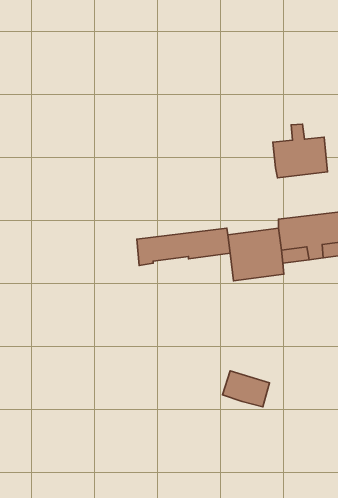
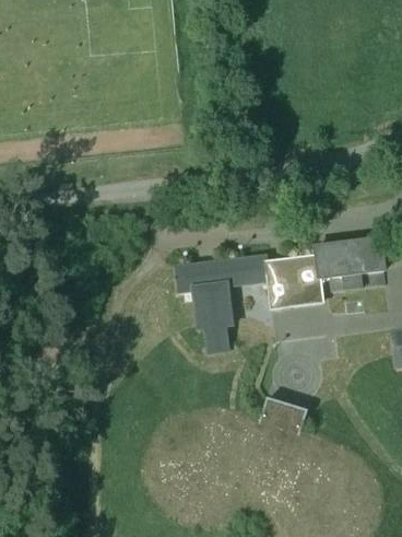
building: [273,124,328,178] -> none
building: none -> [191,282,230,352]

